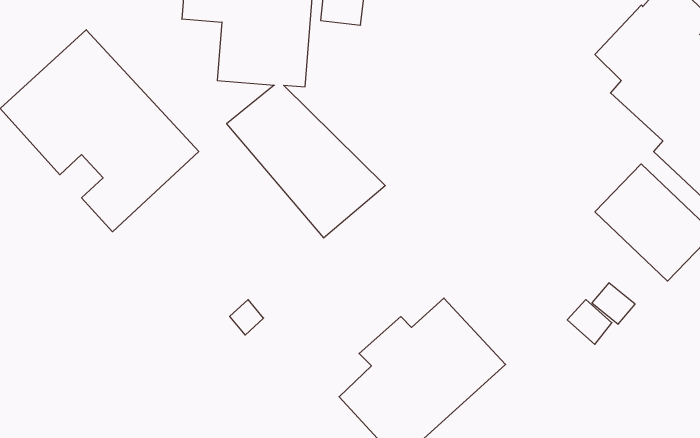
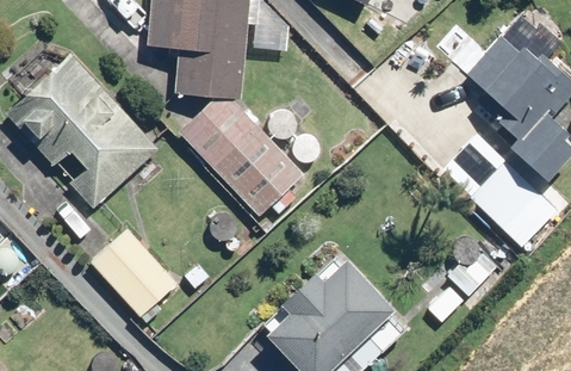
building: none -> [89,229,176,317]

